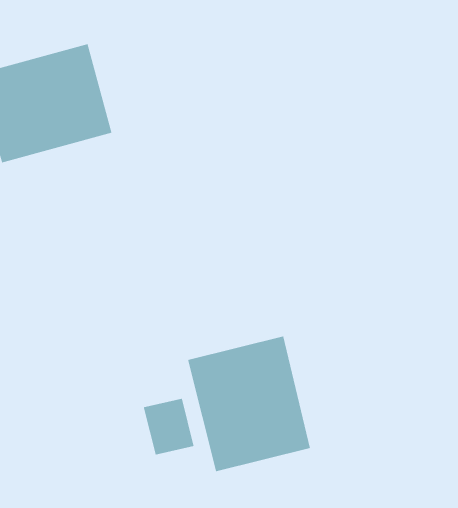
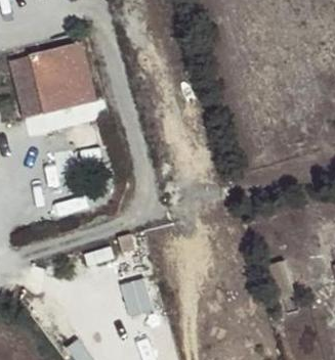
building: [187,335,311,472] -> none

